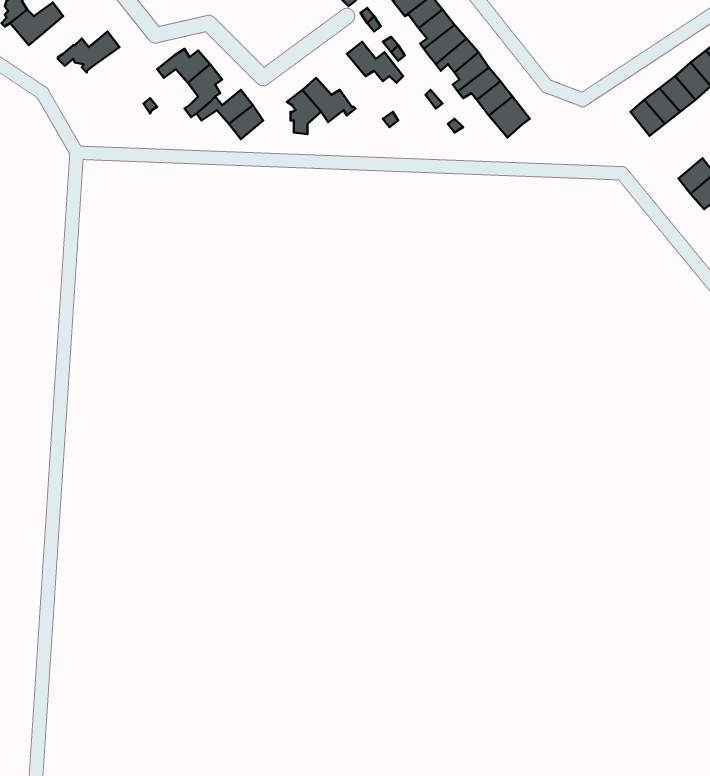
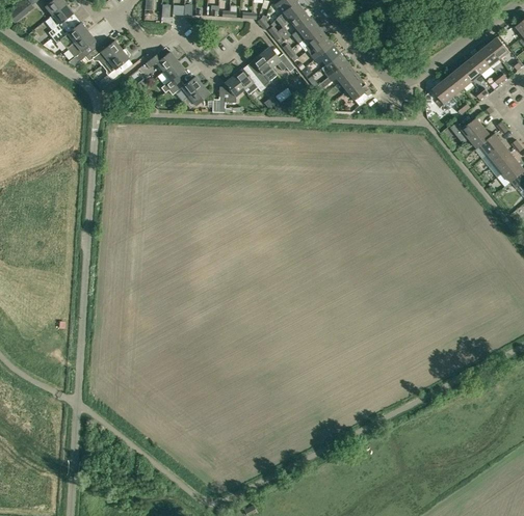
building: none -> [67,30,95,61]
building: none -> [102,48,130,79]
building: none -> [252,53,278,85]

